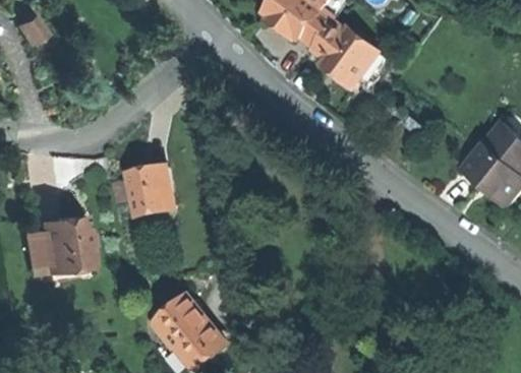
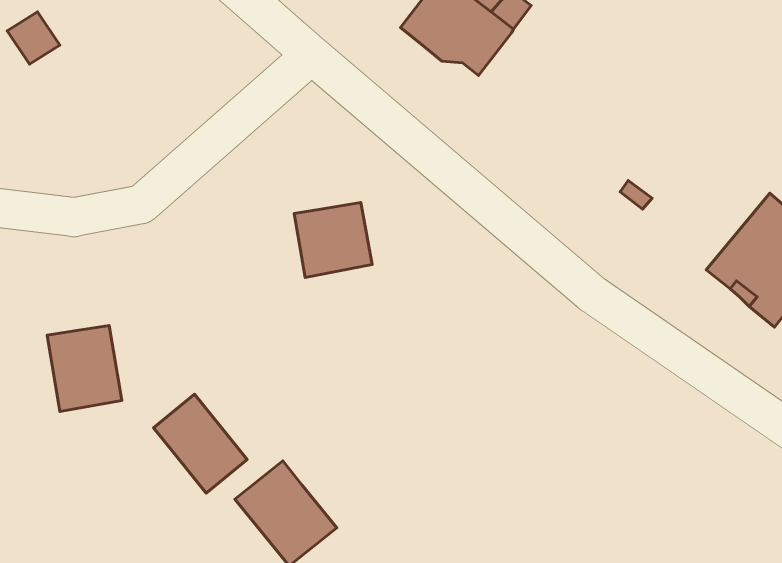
building: [310,21,381,88] -> none
building: [125,169,175,216] -> [294,202,372,277]
building: none -> [153,394,247,493]

